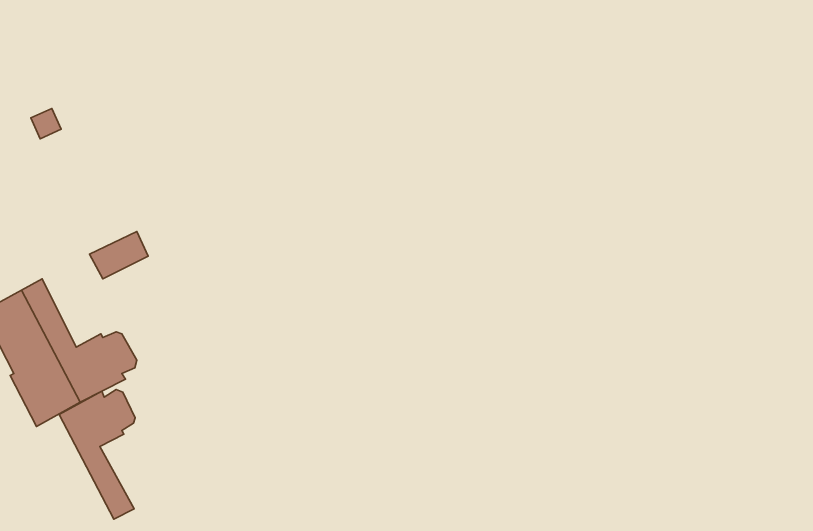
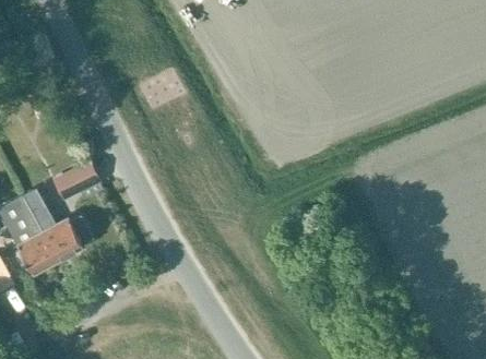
building: [59,390,135,519] -> none

